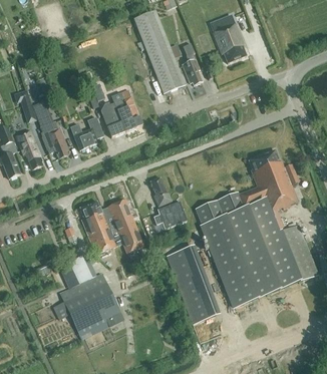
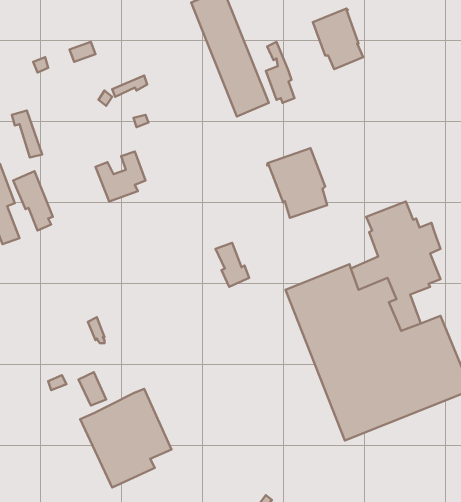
building: [100,89,142,136] -> none
building: [36,106,68,157] -> none
building: none -> [267,148,327,218]
building: [74,199,143,254] -> none
building: [153,201,187,228] -> none
building: [167,247,215,324] -> none

